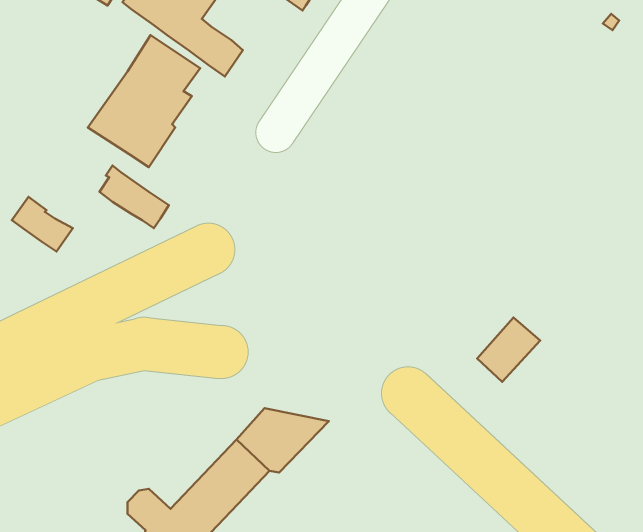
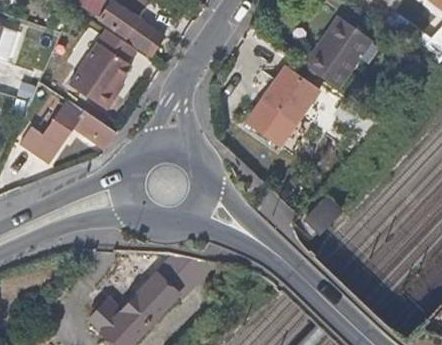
building: none -> [308,15,374,83]
building: none -> [247,67,318,143]
building: none -> [42,104,81,147]

